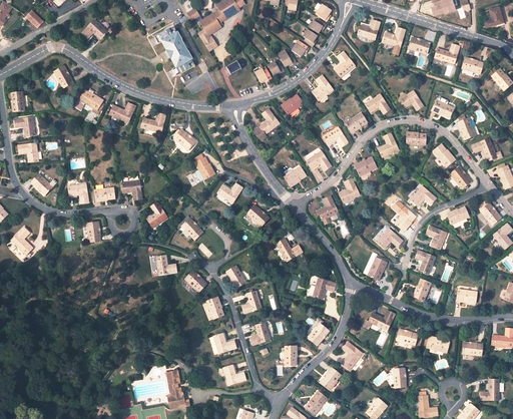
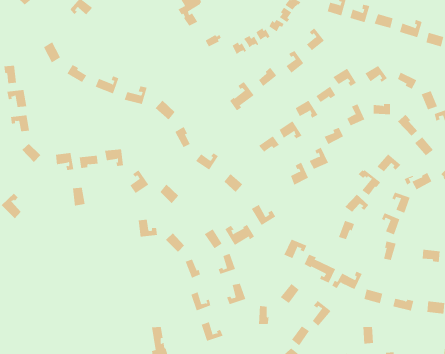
building: [153,25,195,74] -> none
building: none -> [224,224,255,246]
building: none -> [304,254,336,284]

